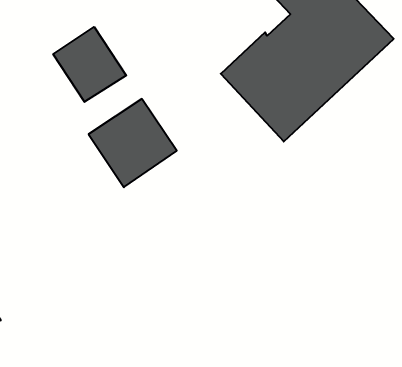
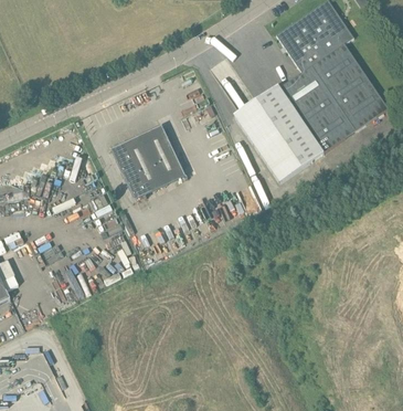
building: [53,27,126,102] -> none

